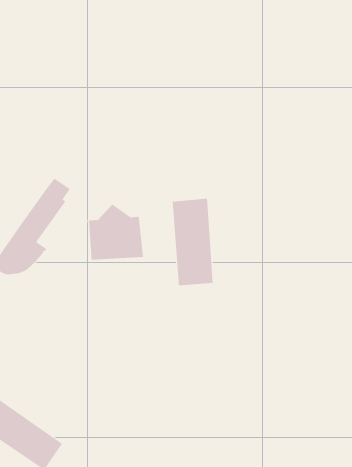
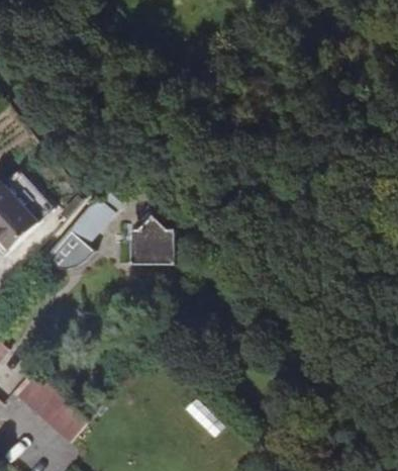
building: [172,198,213,286] -> none

